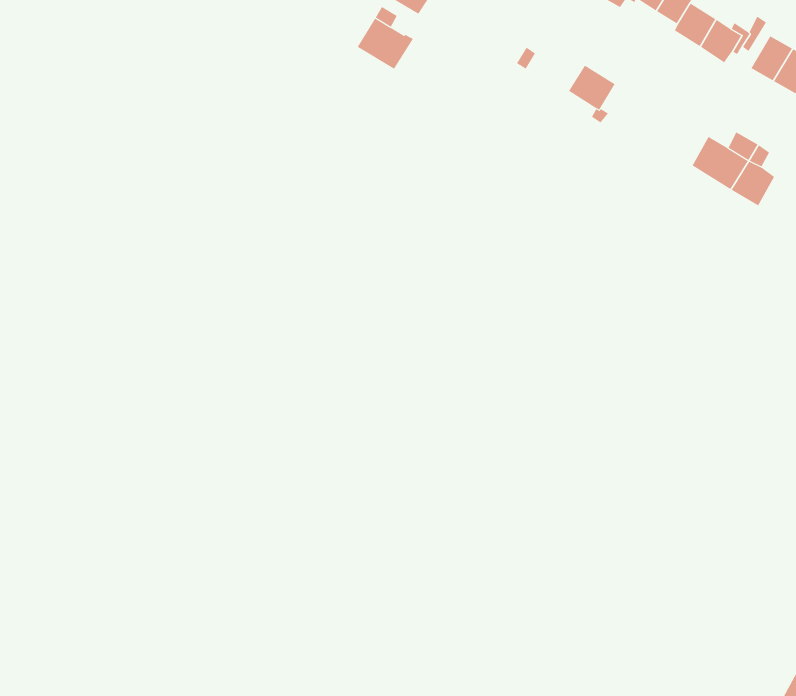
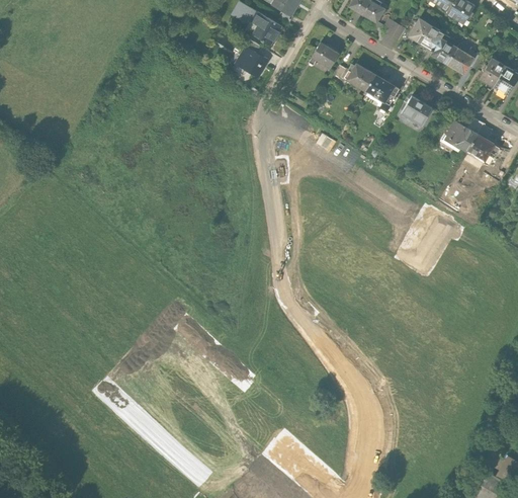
building: none -> [312,42,339,67]
building: none -> [346,64,376,92]
building: none -> [401,97,431,126]

